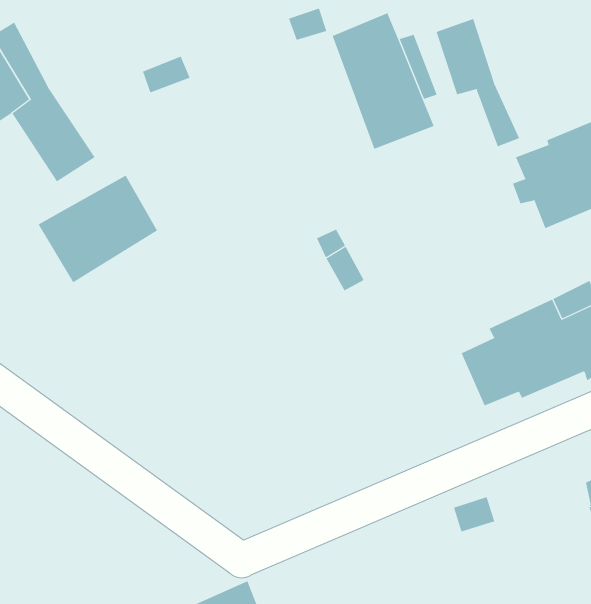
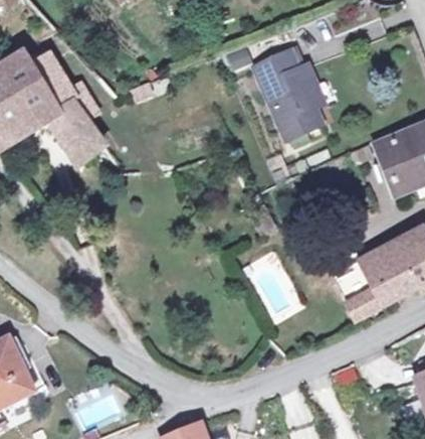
building: [436,18,520,147] -> none
building: [38,175,158,283] -> none

